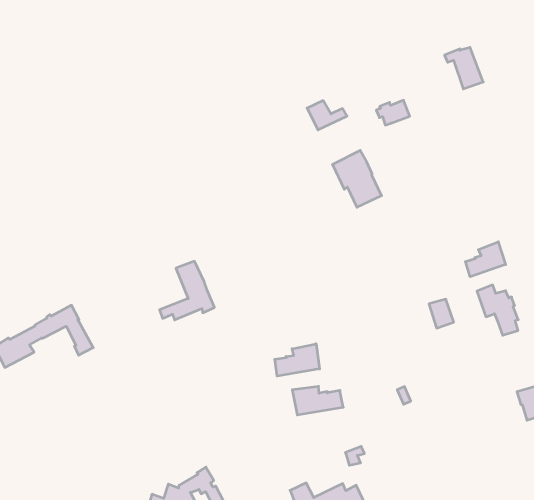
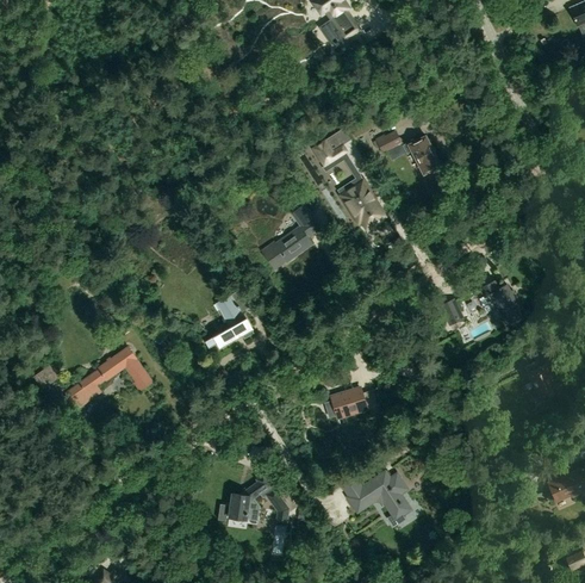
building: [445,47,483,89] -> [403,137,440,174]
building: none -> [261,205,319,261]
building: [465,242,506,277] -> none
building: [275,344,320,376] -> none

